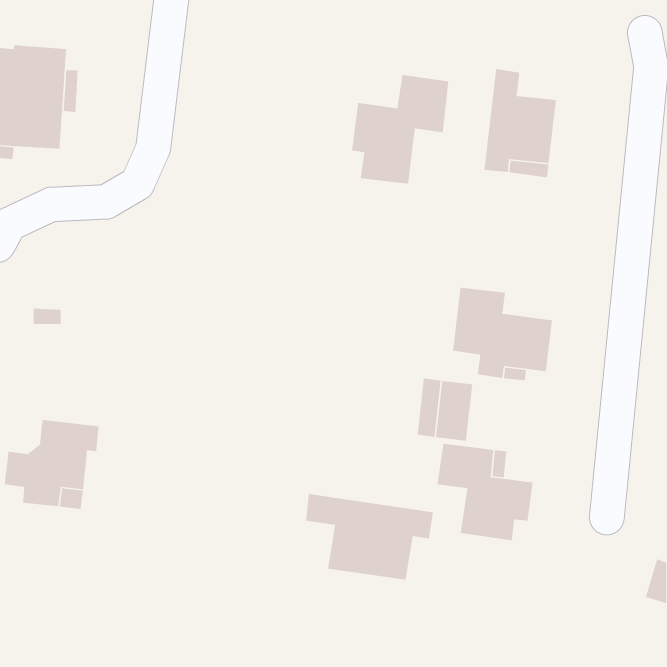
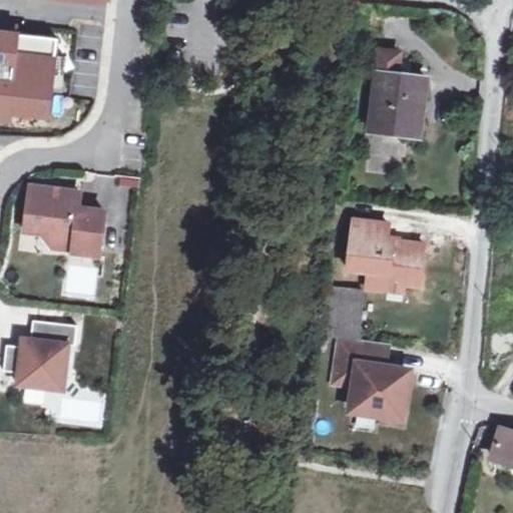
building: [351,74,449,184] -> none
building: none -> [24,186,104,255]
building: [305,493,434,580] -> none

